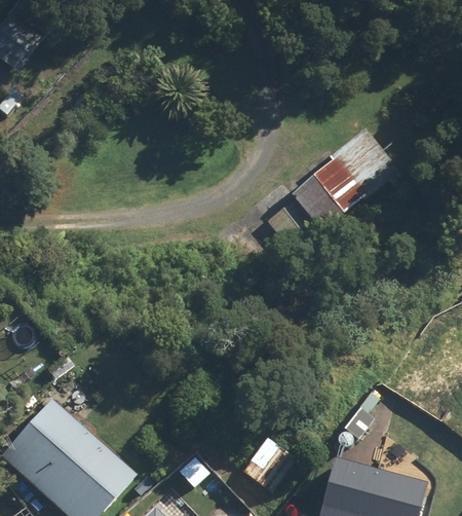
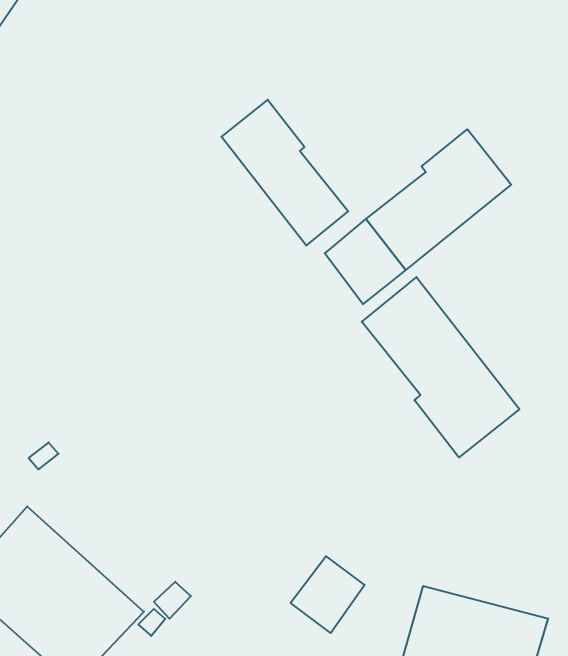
building: none -> [221,100,348,246]
building: none -> [362,277,519,457]

